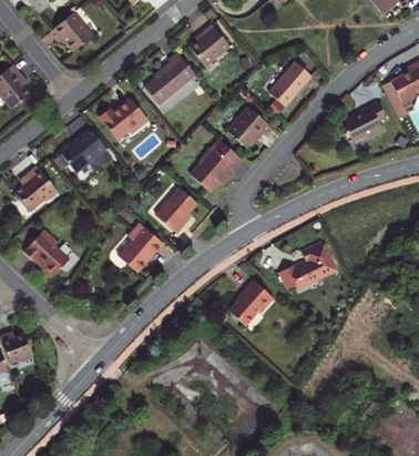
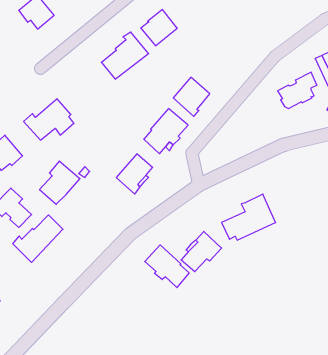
building: [267,62,309,107] -> none
building: [99,97,149,138] -> none
building: [117,220,163,268] -> [40,161,80,204]
building: none -> [13,215,63,262]
building: none -> [145,245,189,288]

